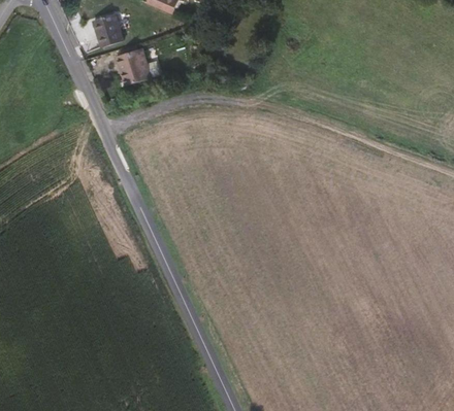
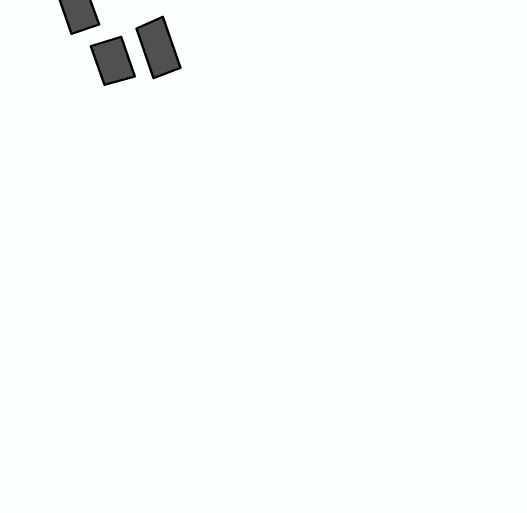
building: none -> [137,17,181,78]

